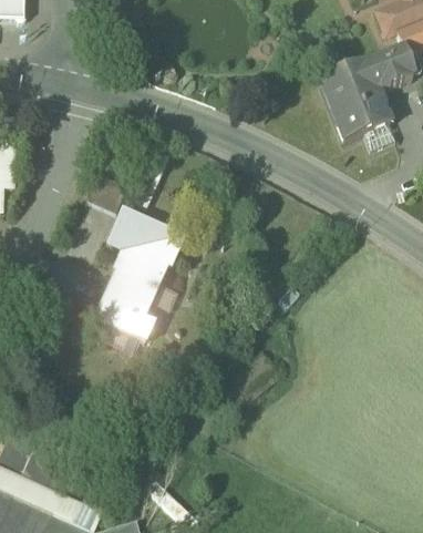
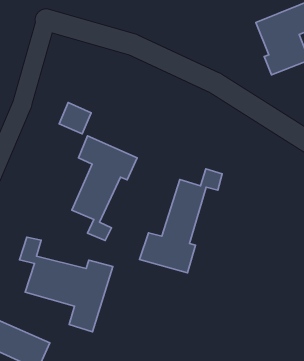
building: none -> [139,169,222,273]
building: none -> [19,237,113,332]

